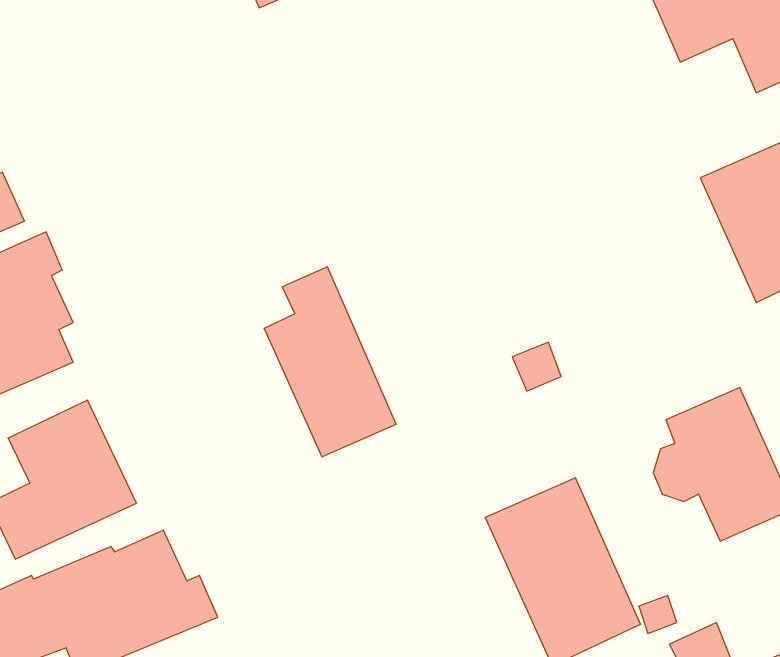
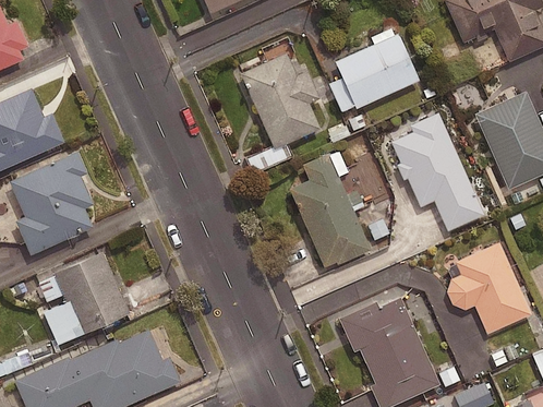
building: none -> [334,33,418,108]
building: none -> [239,52,318,148]
building: none -> [391,111,484,231]
building: [264,267,396,457] -> [289,152,369,266]

